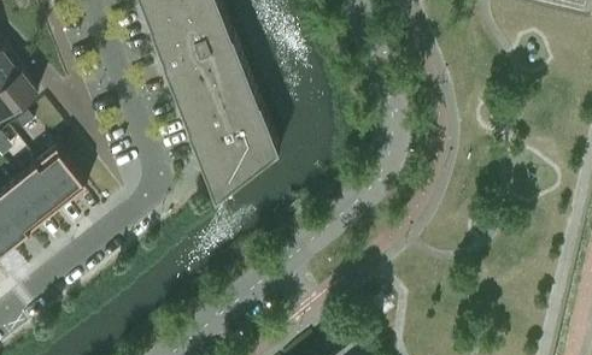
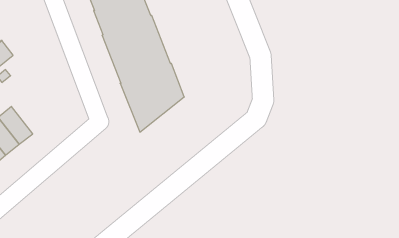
building: [35,150,87,206] -> none

